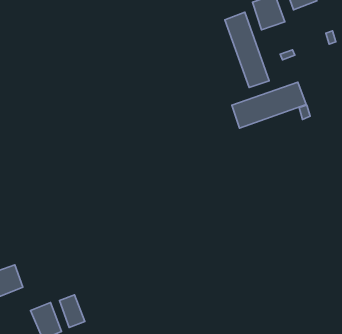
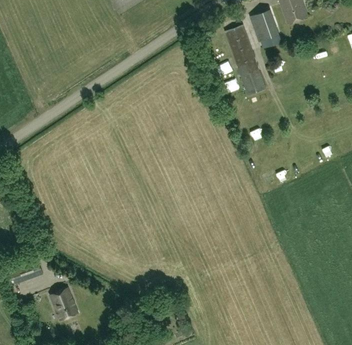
building: [232,82,306,128] -> none
building: [59,295,85,328] -> none

